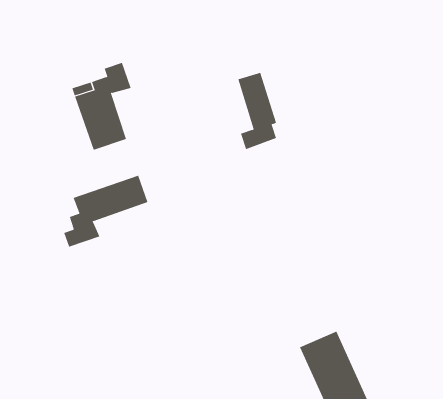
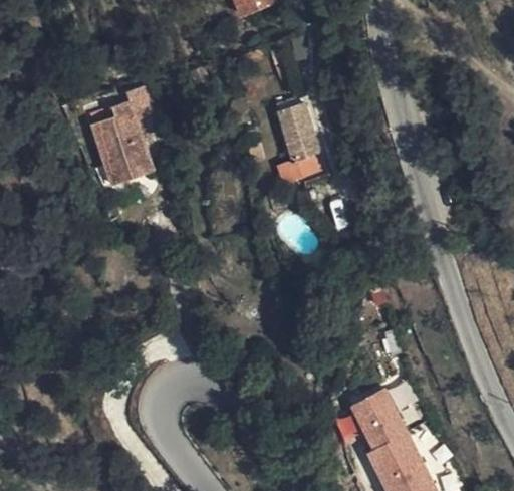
building: [63,175,148,248] -> none

